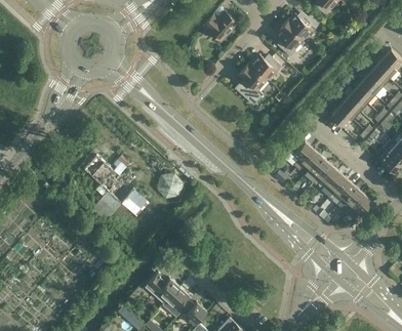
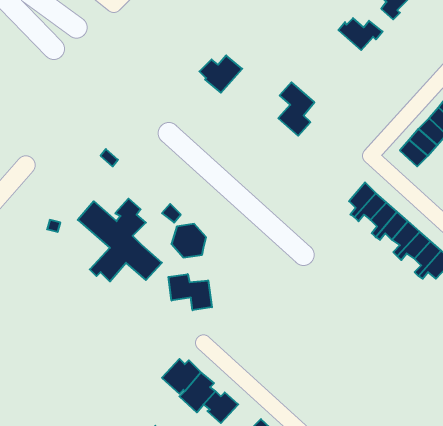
building: [204,12,237,41] -> [199,55,242,93]
building: [277,25,302,57] -> none
building: [248,55,282,80] -> none
building: none -> [168,274,212,310]

